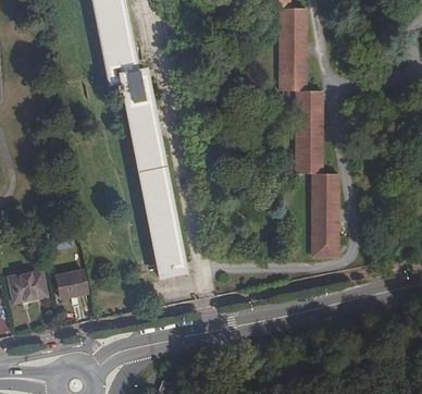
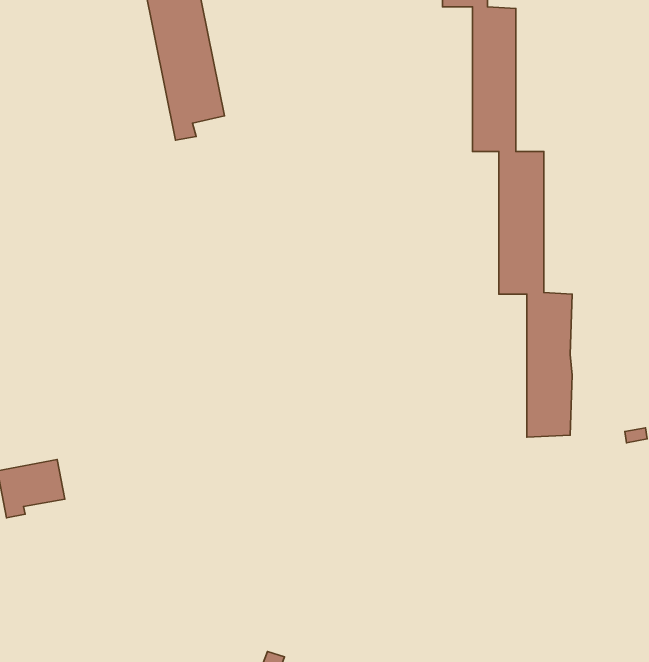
building: [119,70,185,276] -> none
building: [55,274,87,300] -> none

